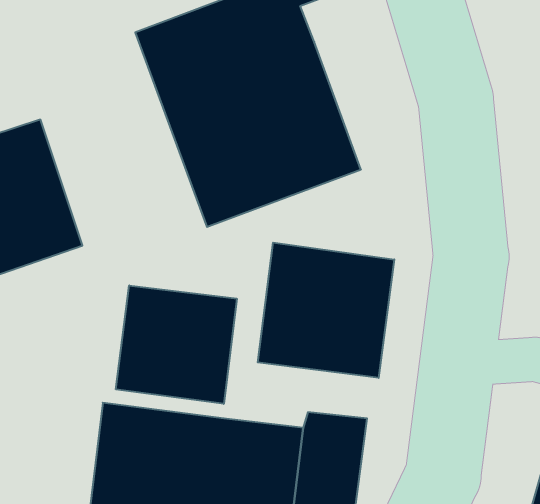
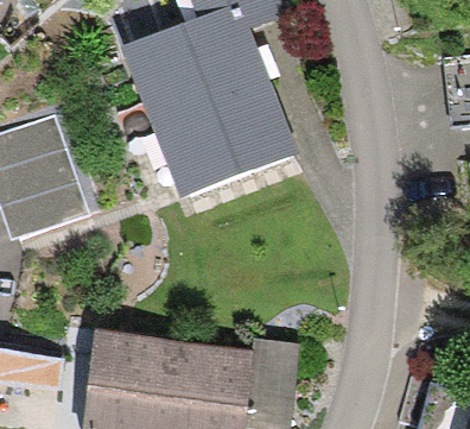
building: [258,243,394,378] -> none
building: [116,285,237,404] -> none

